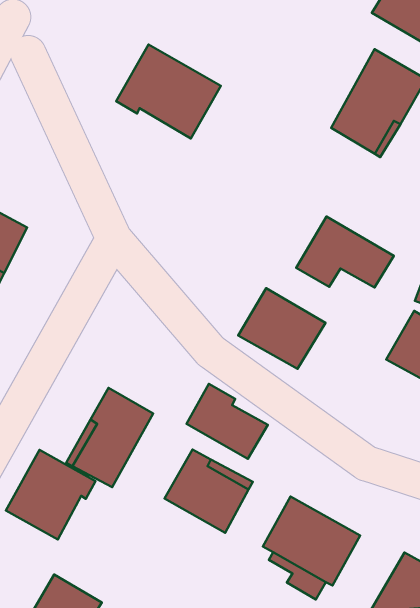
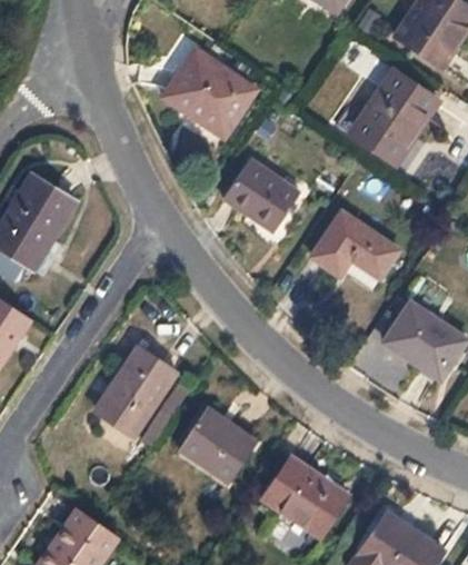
building: [238,288,326,369] -> [222,158,300,231]
building: [186,384,268,459] -> none
building: [6,450,95,540] -> none

